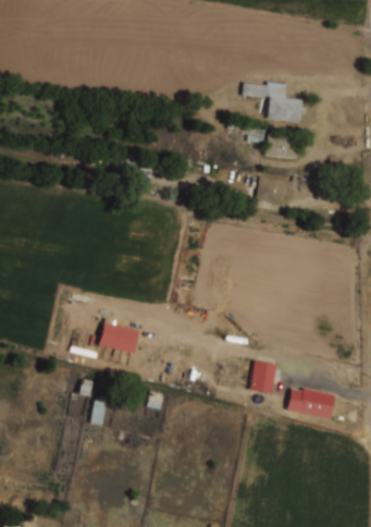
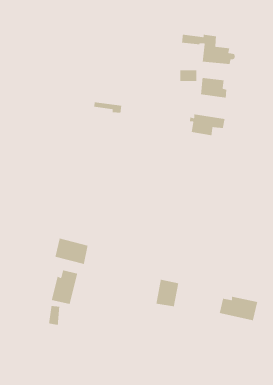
building: none -> [51,269,78,305]
building: [249,359,276,392] -> [156,279,179,307]

